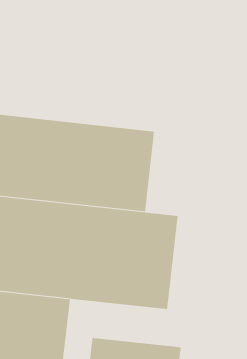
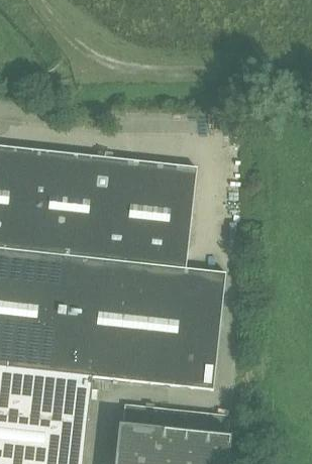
building: none -> [120,403,227,436]

